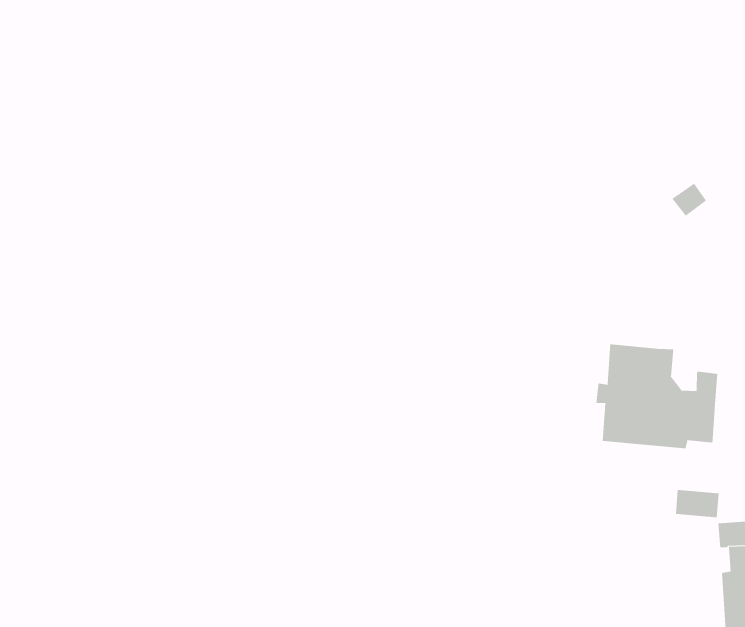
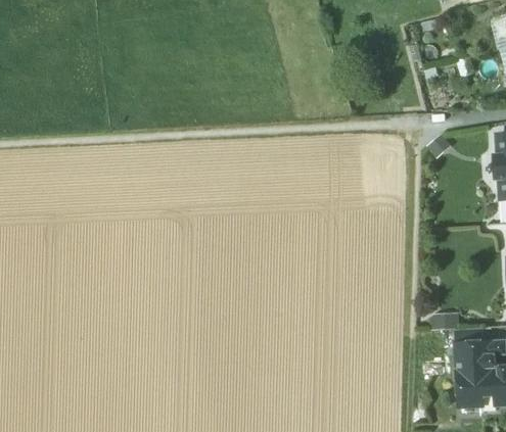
building: [596,343,718,449] -> none

